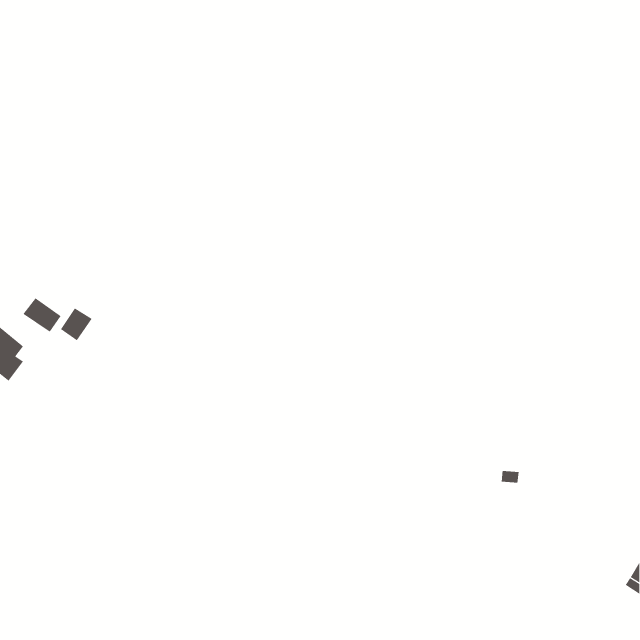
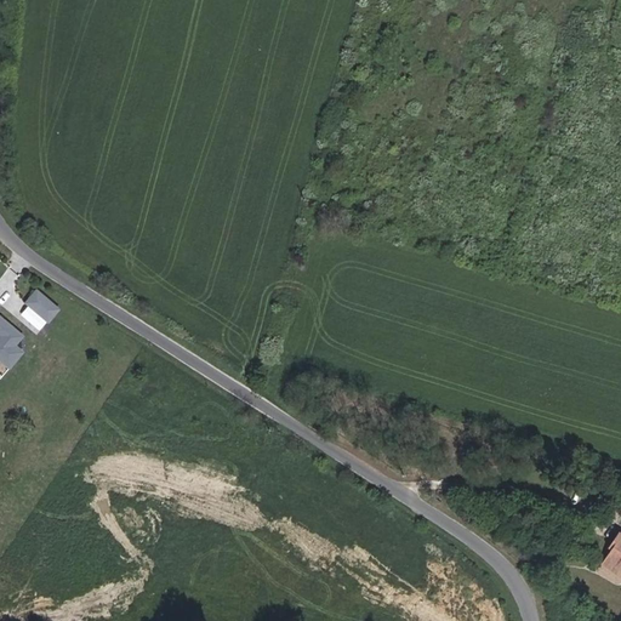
building: [60,307,93,341] -> none

